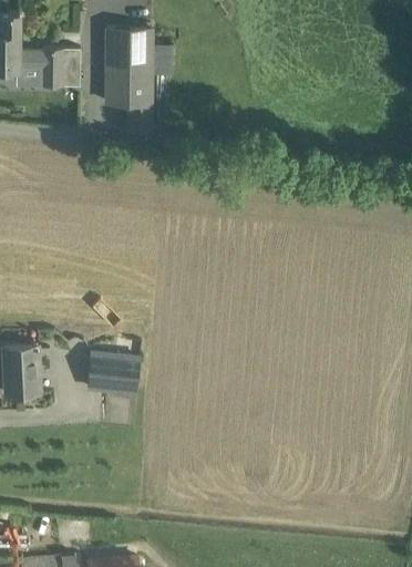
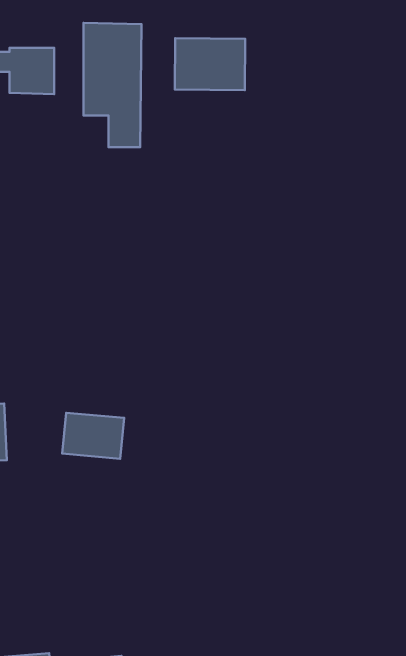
building: none -> [175,38,245,90]

